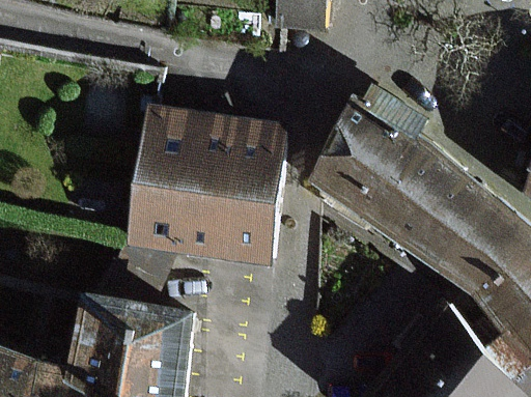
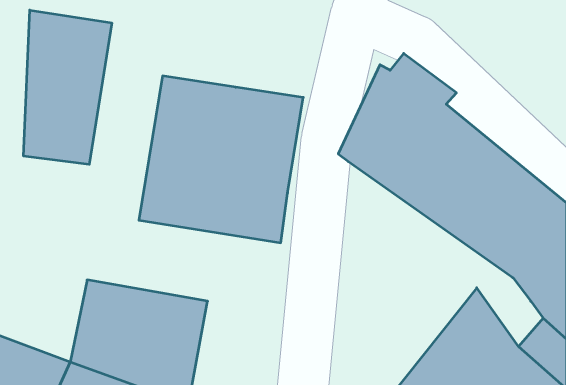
building: none -> [24,10,112,164]

